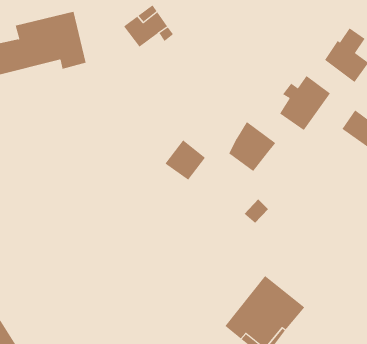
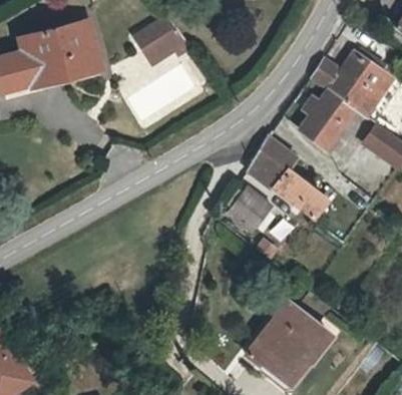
building: none -> [313,57,382,116]
building: [165,139,206,181] -> [231,189,274,233]
building: none -> [276,172,328,219]

